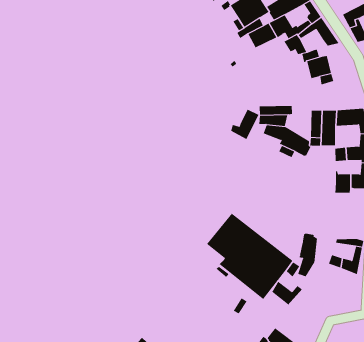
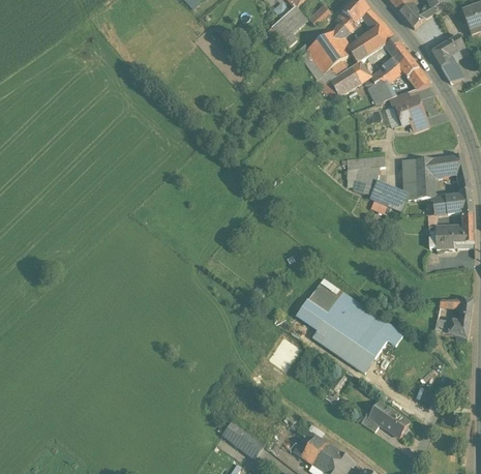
building: [230,109,259,140] -> none
building: [298,233,317,277] -> none
building: [271,281,303,305] -> none

